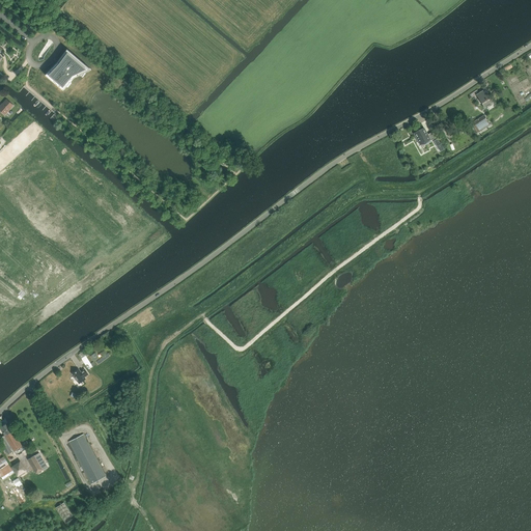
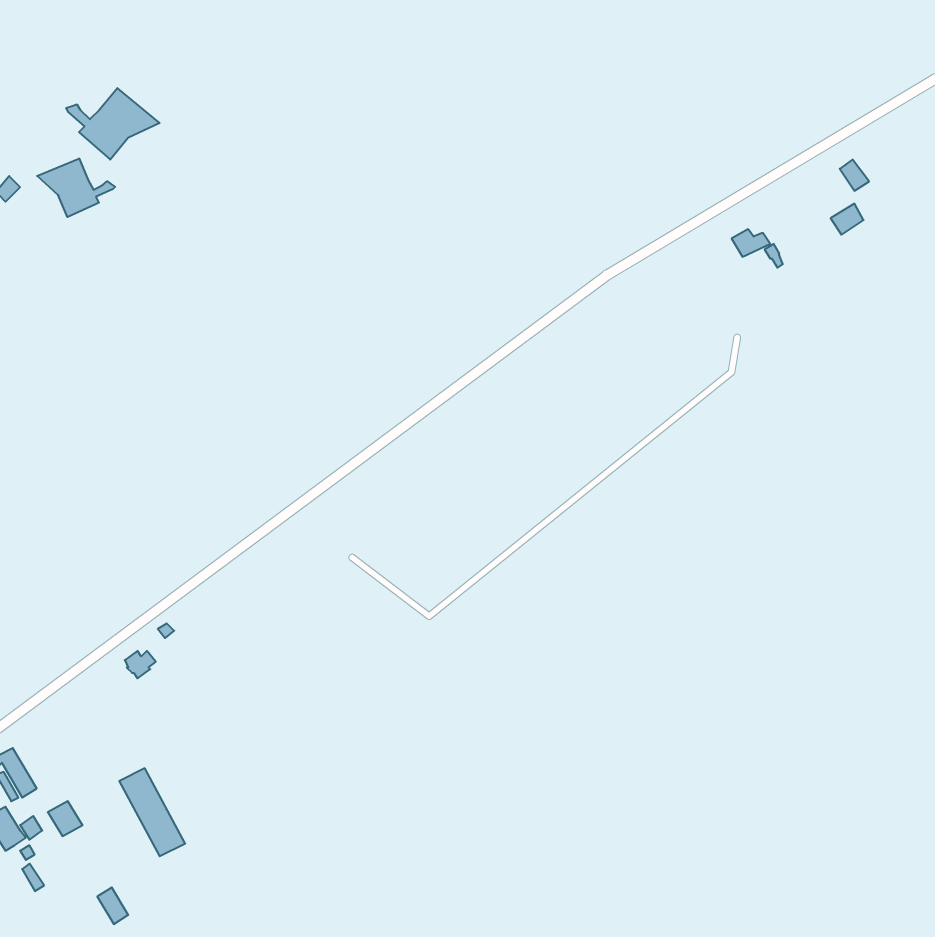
building: none -> [37,158,115,217]

